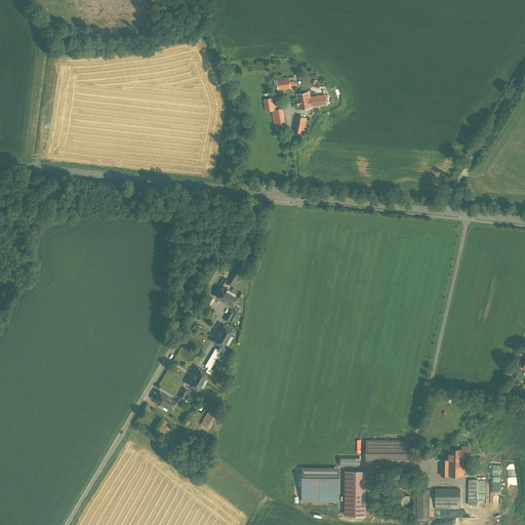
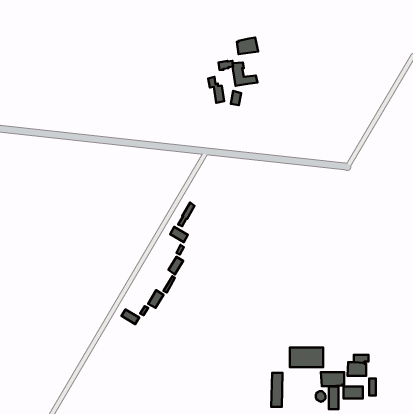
building: none -> [237,38,258,54]
building: [301,468,337,501] -> none
building: none -> [321,372,344,386]

